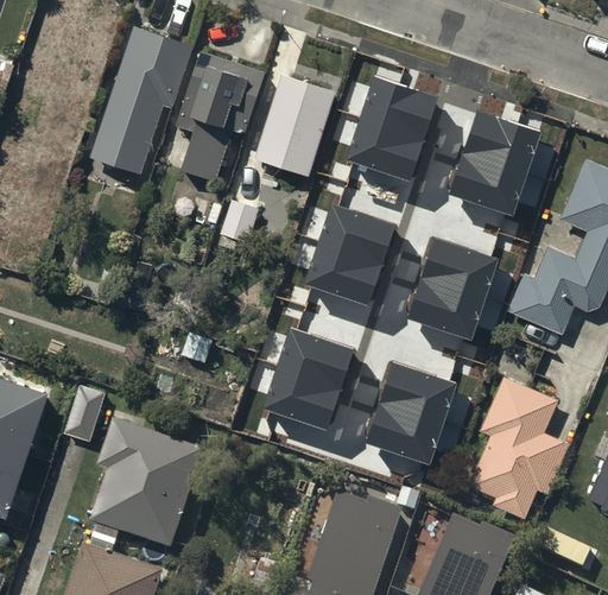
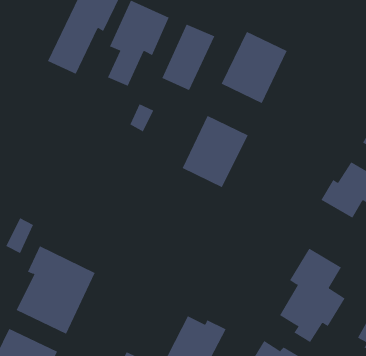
building: [450,112,540,214] -> none
building: [408,239,499,341] -> none
building: [264,330,354,432] -> none
building: [366,365,456,467] -> none

